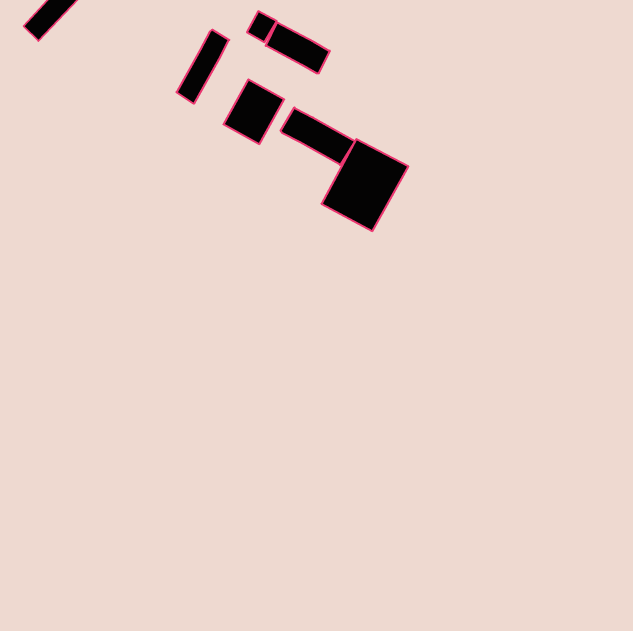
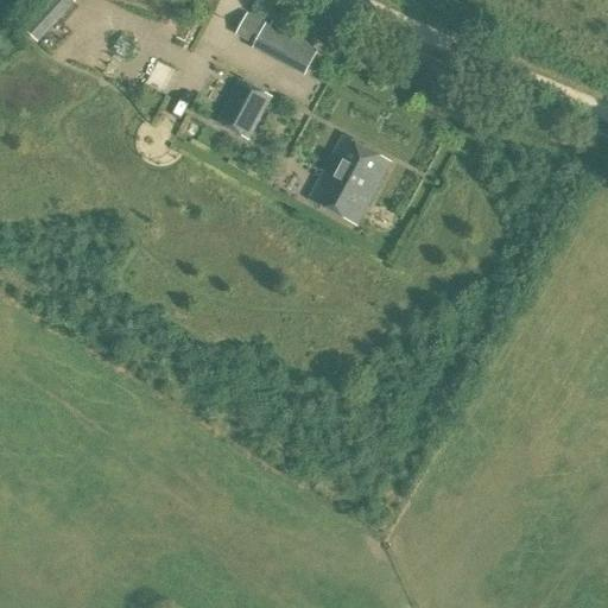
building: [176,30,229,104] -> none
building: [281,107,355,165] -> none

